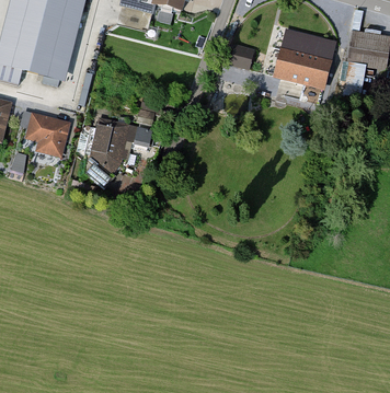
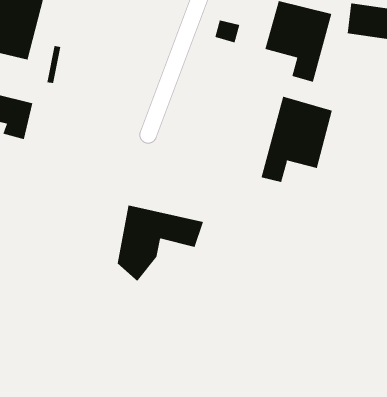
building: none -> [261,96,332,183]
building: [85,117,163,186] -> [117,205,204,282]

